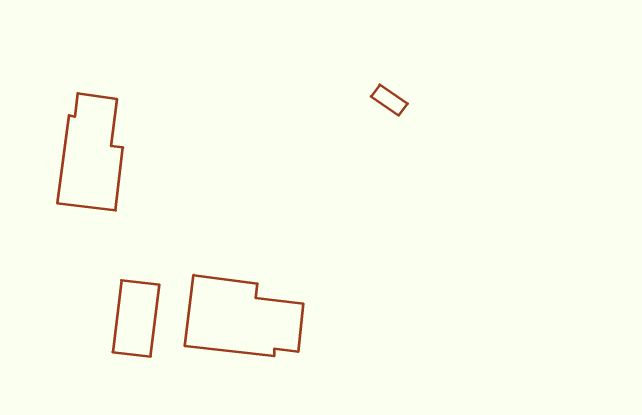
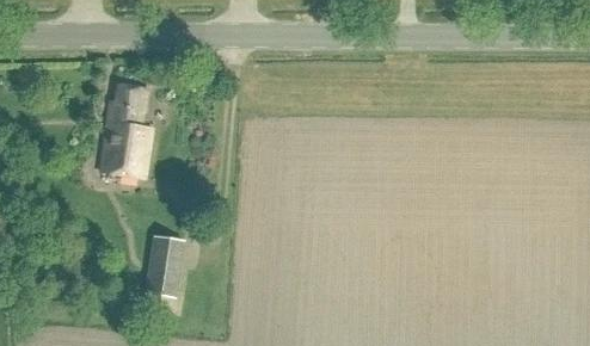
building: [185,275,303,356] -> none

